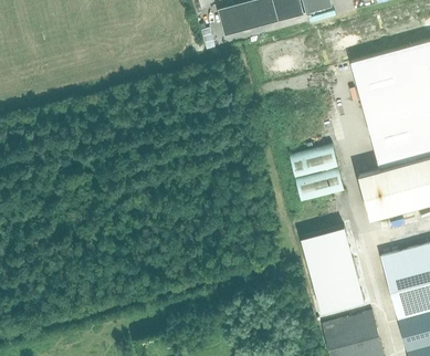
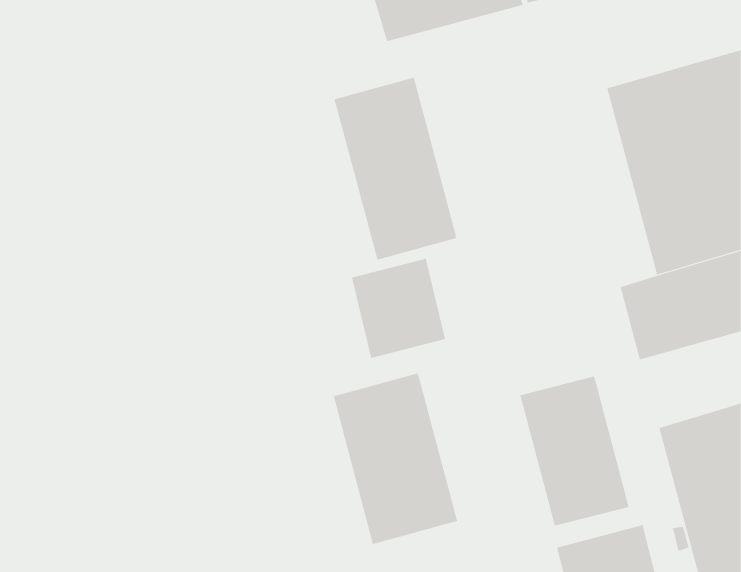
building: none -> [334,77,457,261]
building: [290,144,344,201] -> [351,258,446,358]
building: none -> [333,372,458,545]

